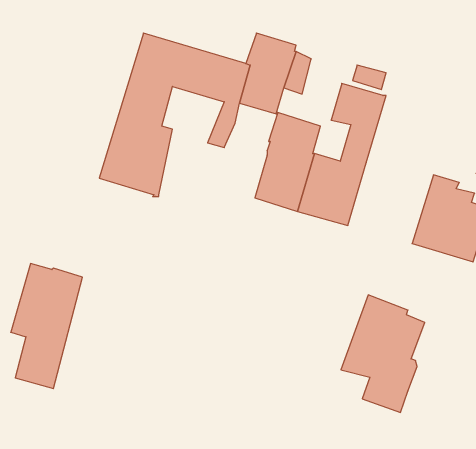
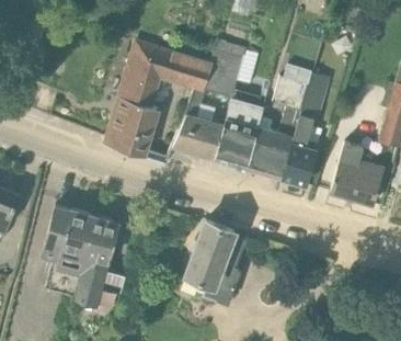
building: none -> [283,73,330,185]
building: none -> [171,105,225,159]
building: none -> [71,216,124,307]
building: [341,295,425,412] -> [185,221,245,306]

